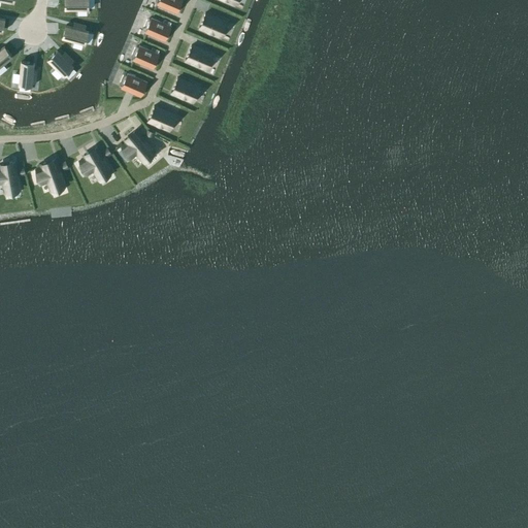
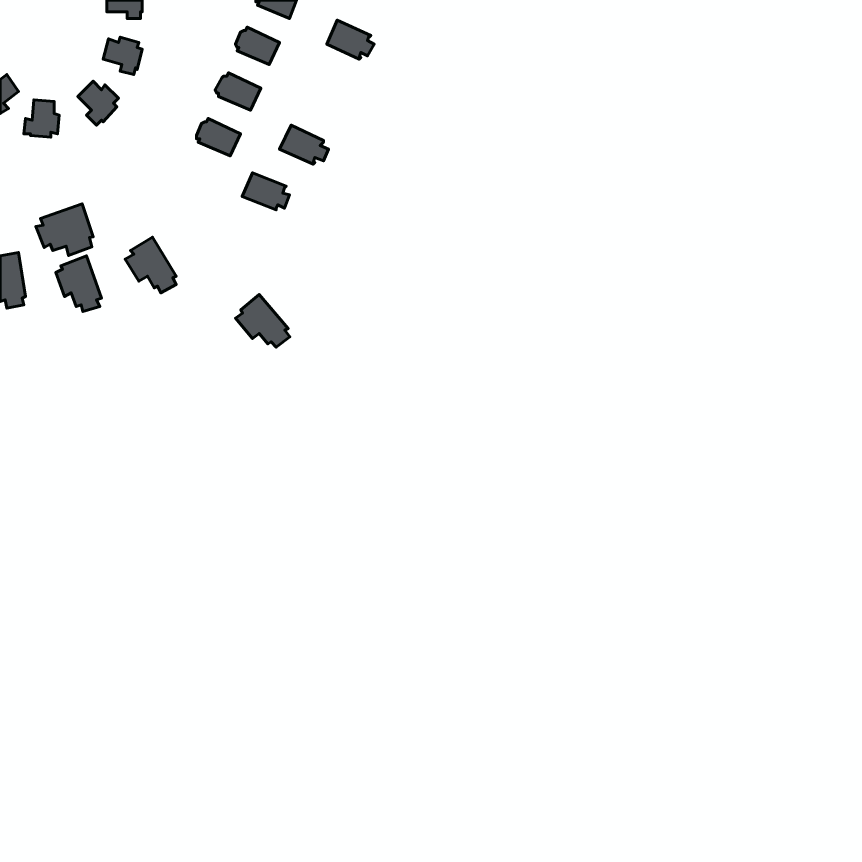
building: [187,46,216,70] -> none
building: none -> [36,204,93,255]
building: [120,130,153,162] -> [236,295,290,347]

